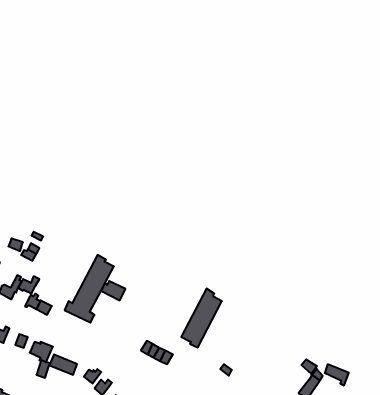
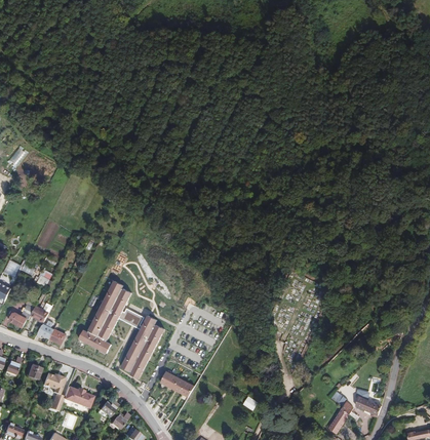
building: [181,289,222,348] -> [121,315,164,377]

